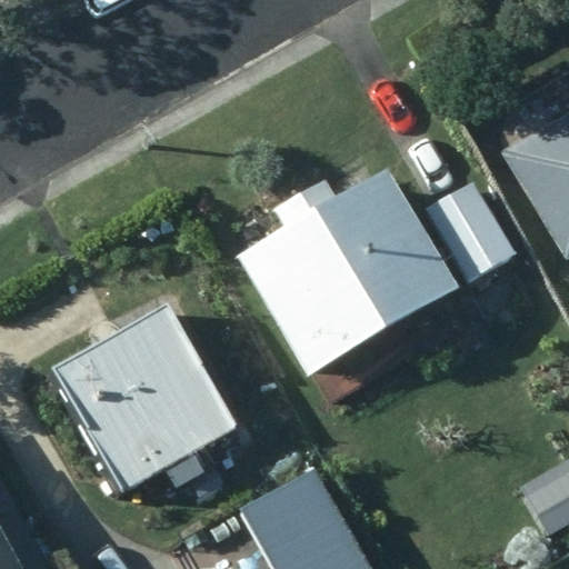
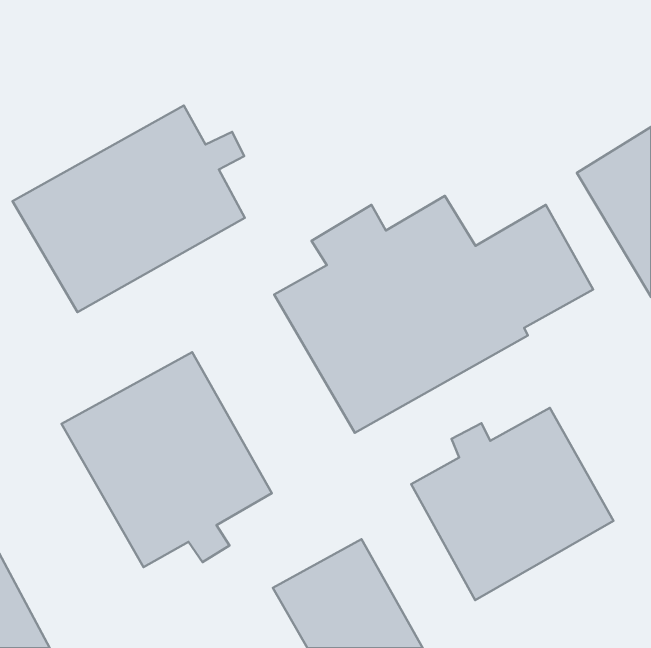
building: none -> [13,105,245,312]
building: none -> [411,408,613,600]

